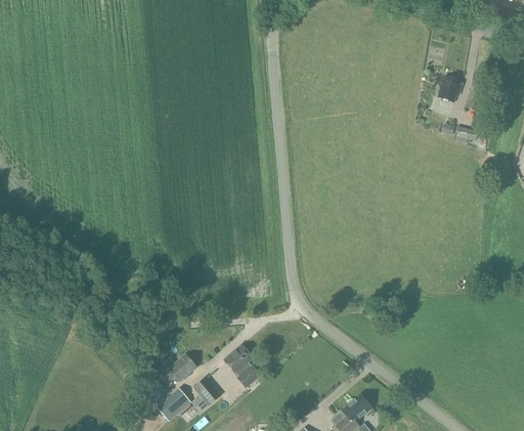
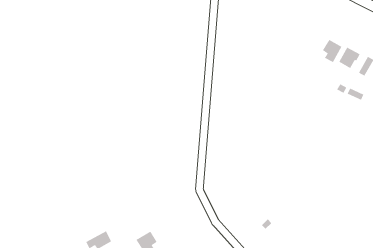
building: none -> [322,39,342,63]

